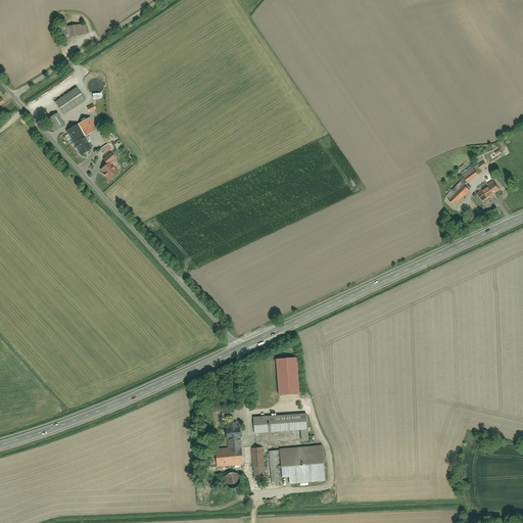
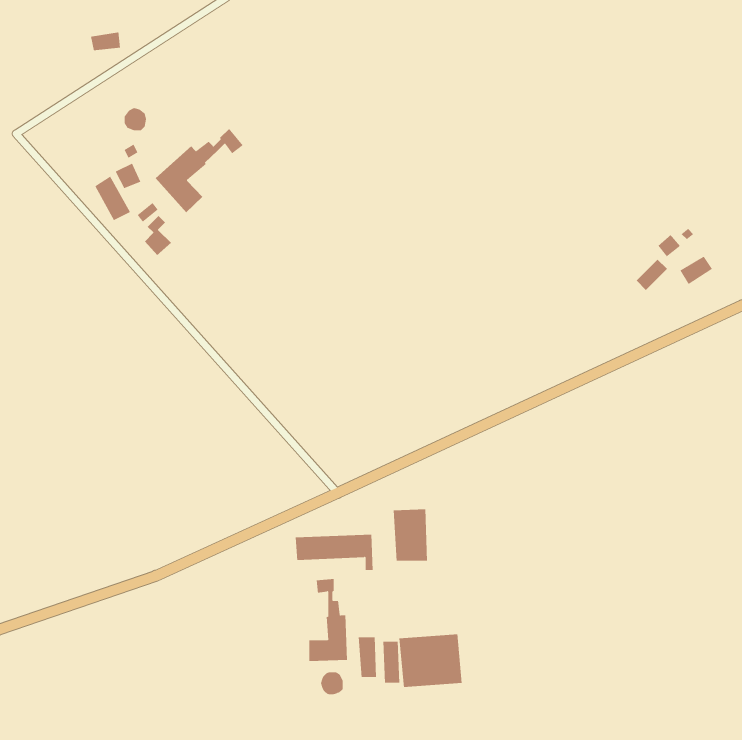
building: [54,85,86,113] -> none
building: none -> [155,128,244,213]
building: [252,414,307,439] -> [295,534,374,571]

